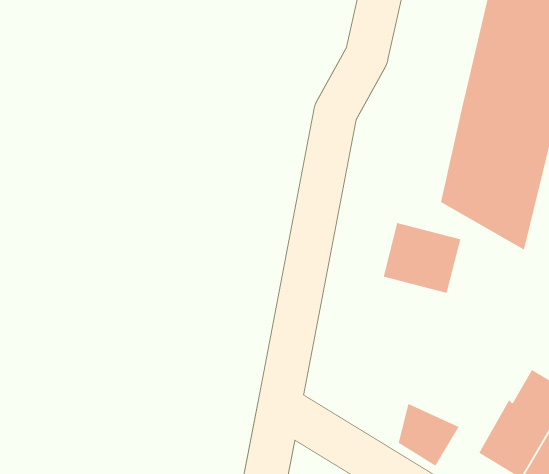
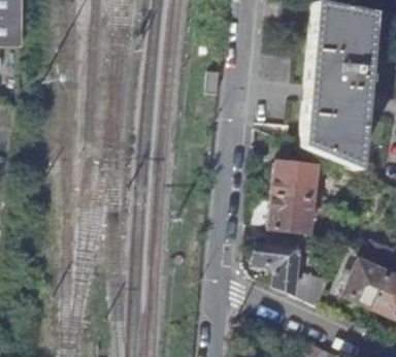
building: none -> [269,195,312,232]
building: none -> [254,242,300,294]

